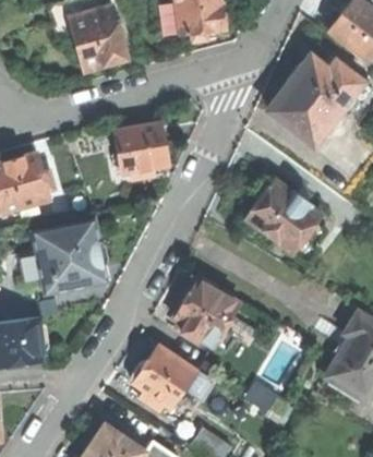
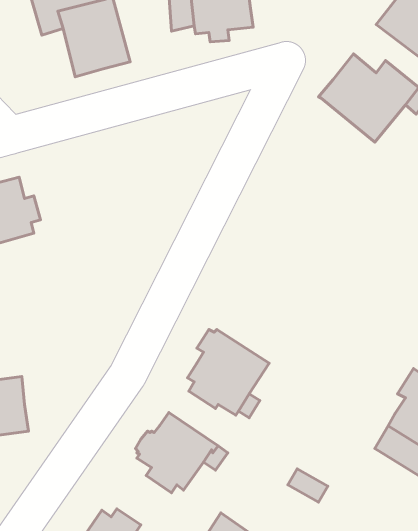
building: [268,89,327,143] -> none
building: [115,124,168,181] -> none
building: [246,178,324,262] -> none
building: [32,220,108,293] -> none

